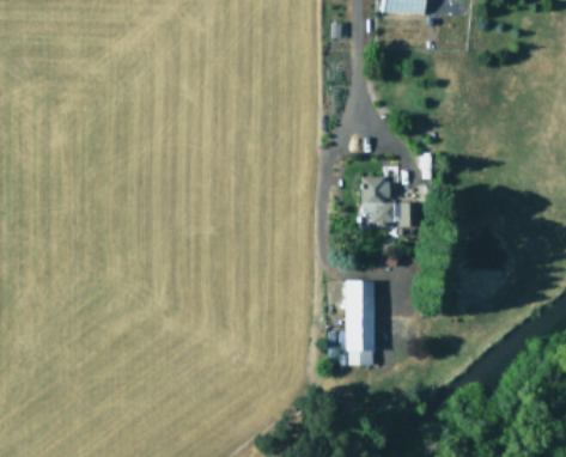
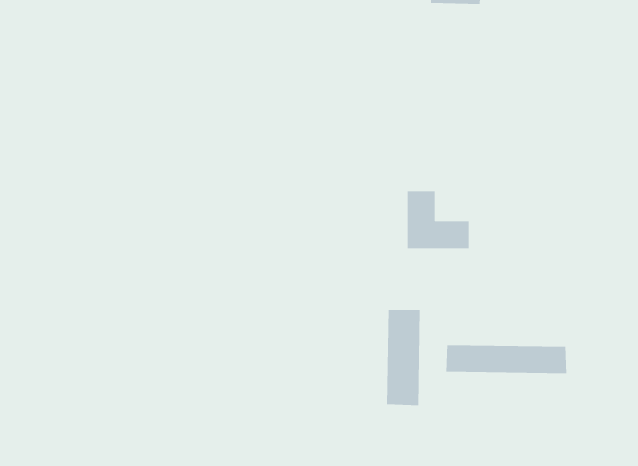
building: none -> [446,345,567,374]

